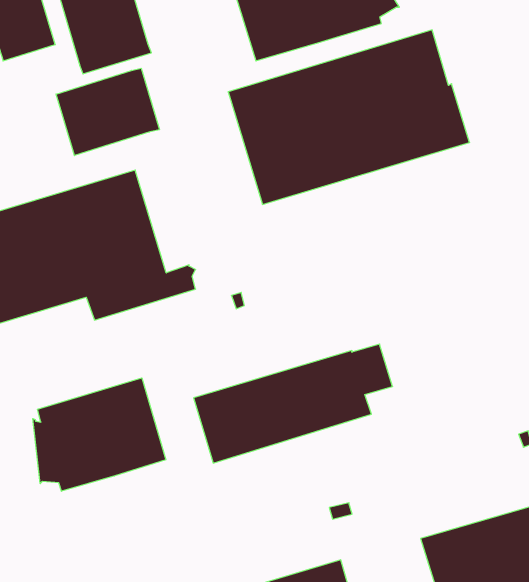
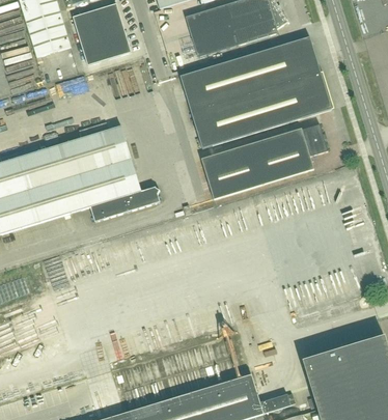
building: [56,68,159,156] -> none
building: [194,344,393,463] -> [200,123,327,199]
building: [33,378,166,491] -> none

